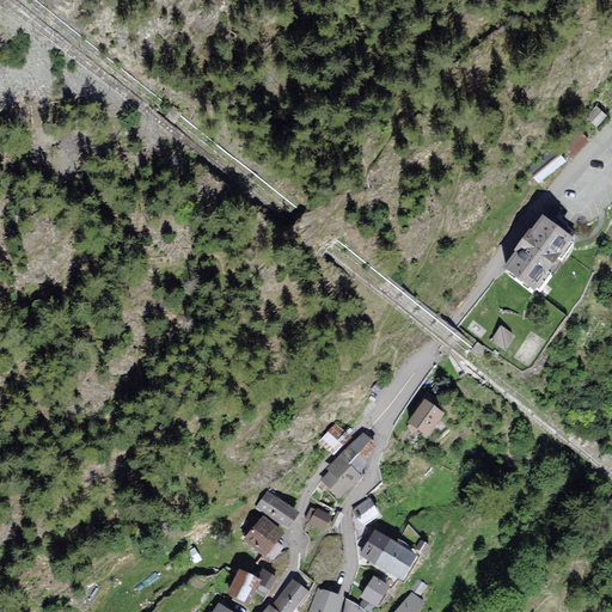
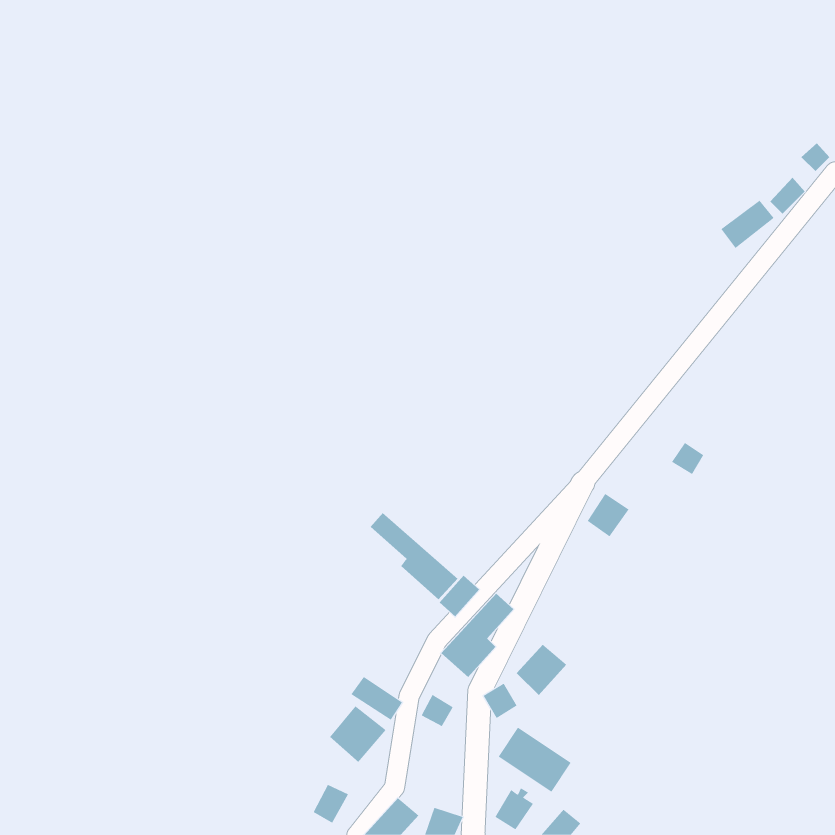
building: [507,215,575,288] -> none
building: none -> [370,512,458,600]
building: [410,402,441,434] -> [587,493,629,537]
building: none -> [516,644,567,696]

